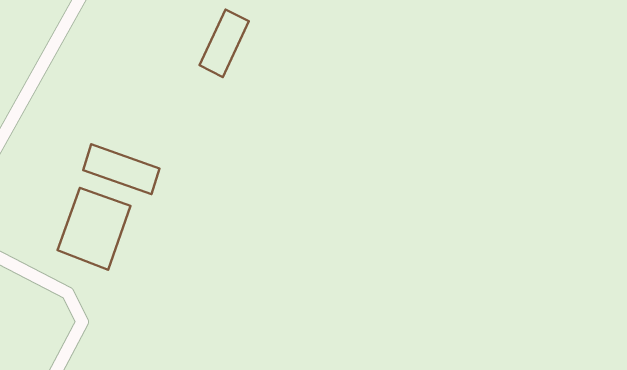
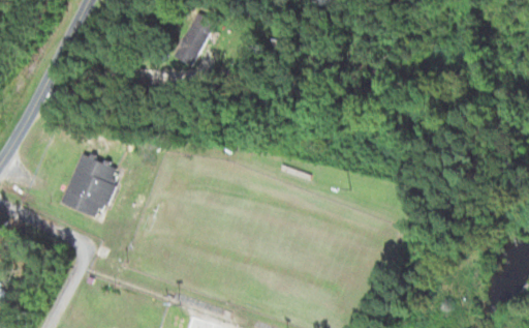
building: [83,144,160,194] -> none

